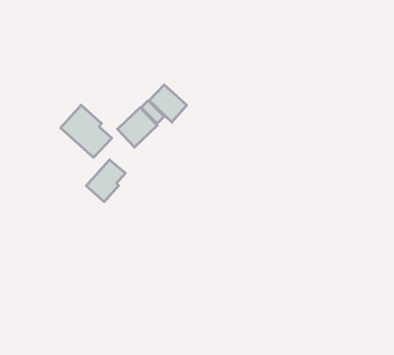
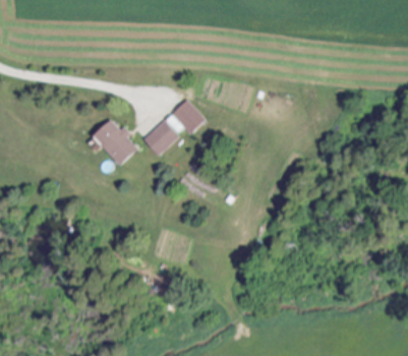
building: [86,160,125,202] -> none

